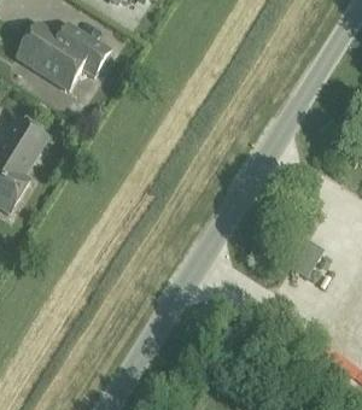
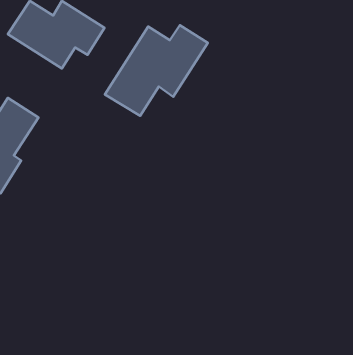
building: none -> [105,25,208,116]

